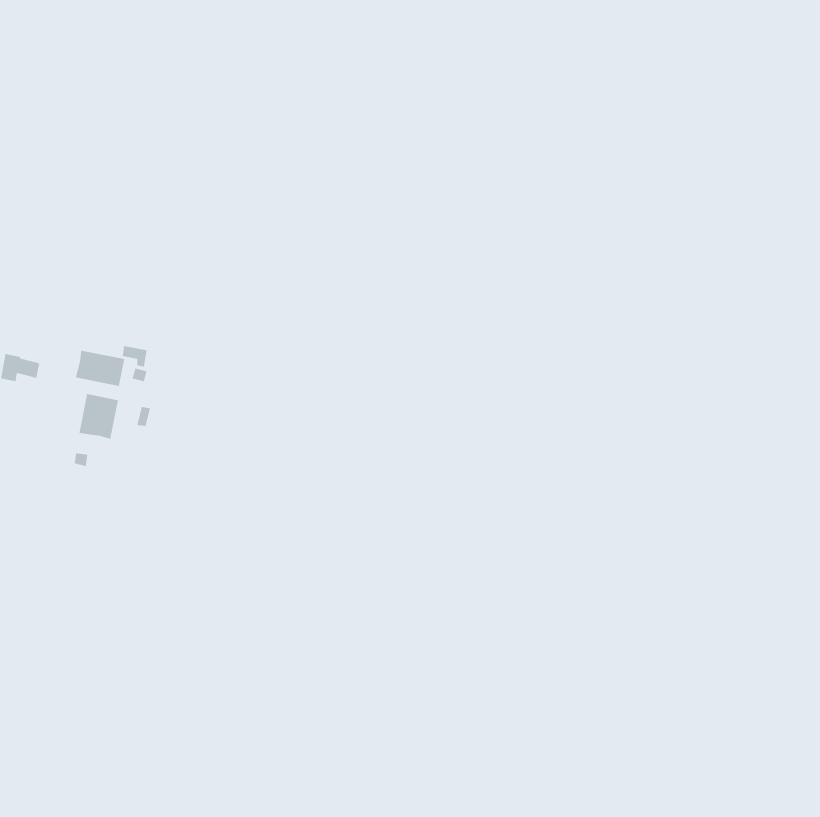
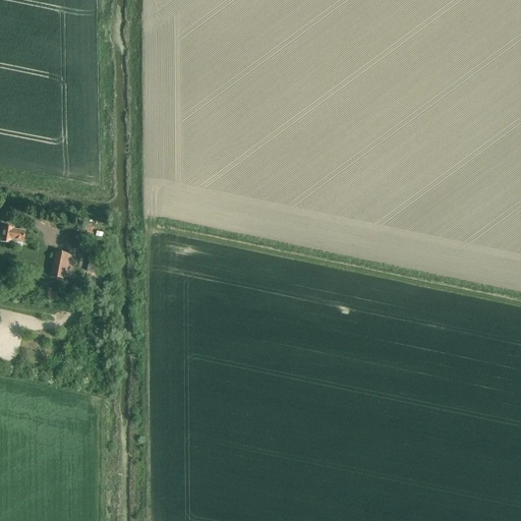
building: [75,350,125,387] -> none

